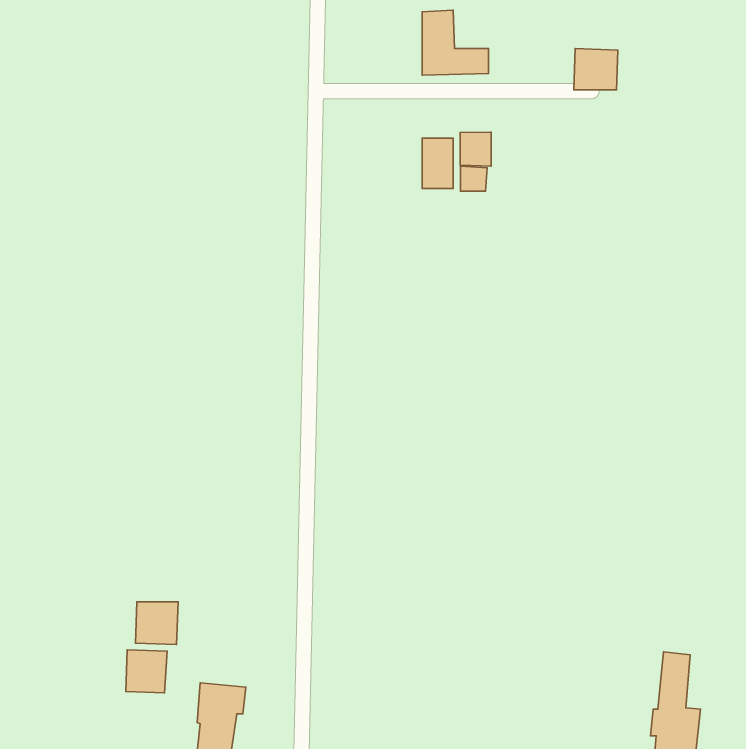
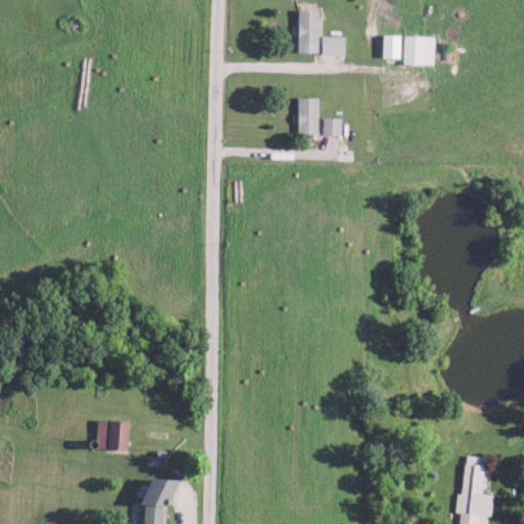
building: none -> [382,35,400,57]
building: [460,132,491,166] -> none
building: [126,650,167,693] -> none

